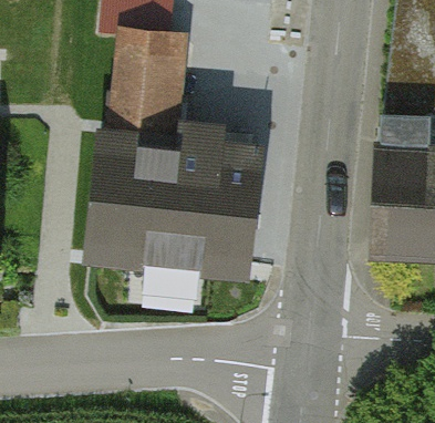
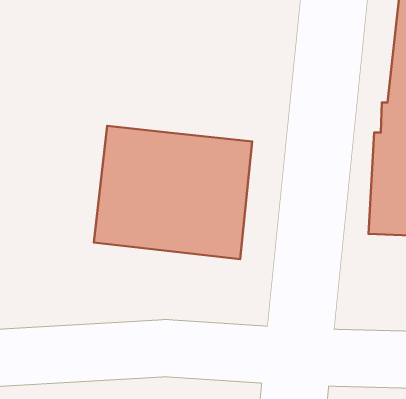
building: [114,32,187,144] -> none

